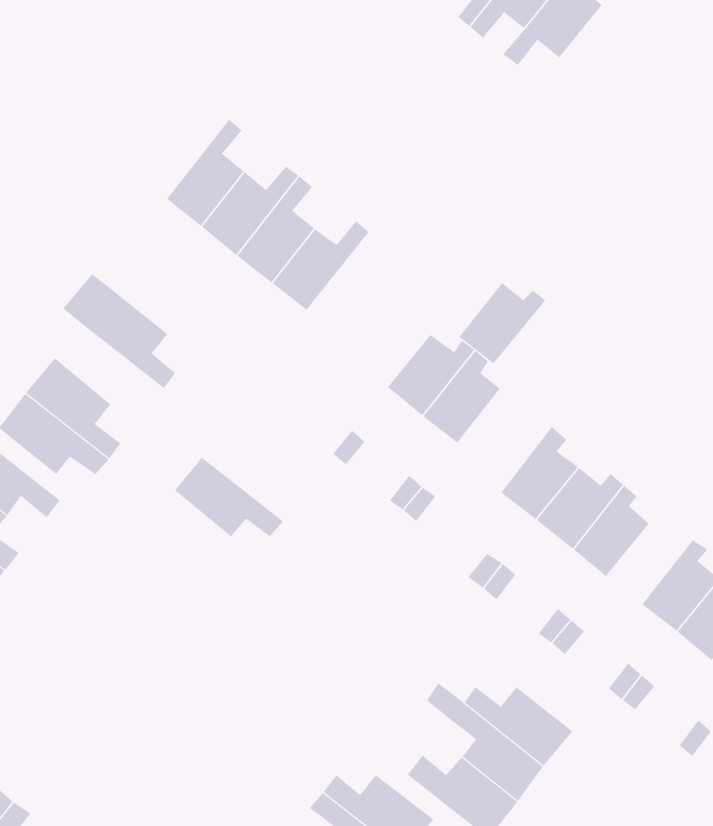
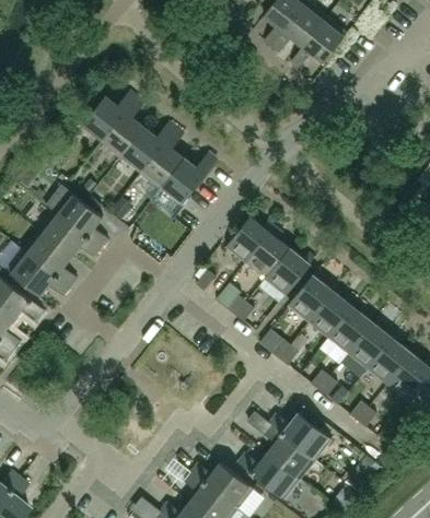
building: none -> [83,92,138,142]
building: [459,282,547,364] -> [266,248,315,294]
building: [174,457,284,537] -> [40,212,102,257]
building: none -> [349,323,397,368]

